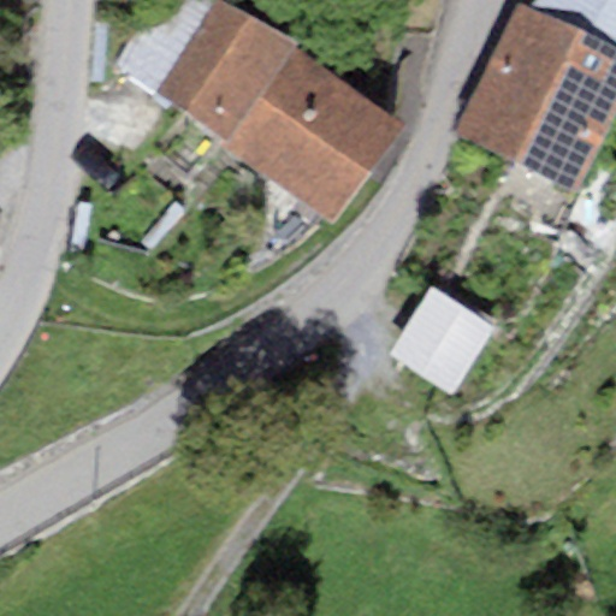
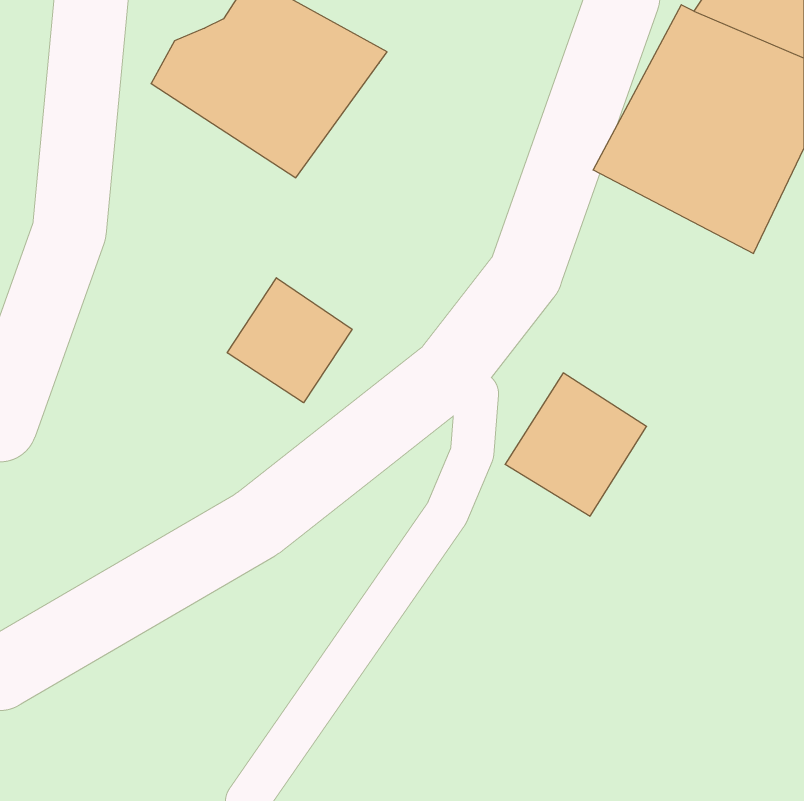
building: [221,48,407,217] -> none
building: none -> [227,278,352,403]

